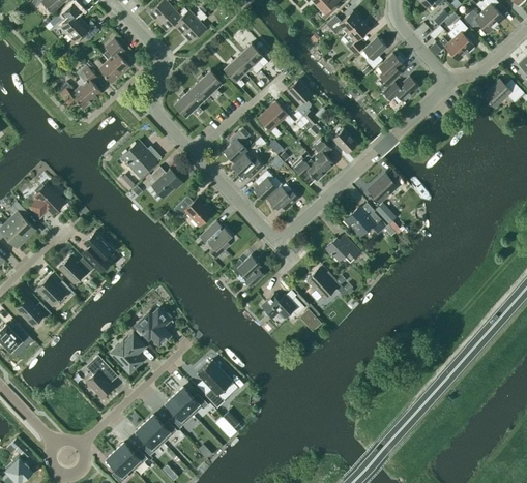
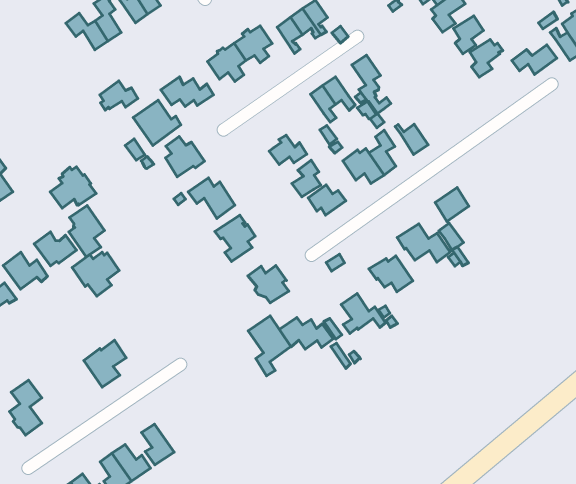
building: [383,77,418,101] -> [512,45,557,74]
building: none -> [161,77,214,107]
building: [225,127,250,164] -> none
building: none -> [100,81,138,110]
building: [28,183,64,217] -> [50,167,96,208]
building: [136,309,173,344] -> [72,252,119,296]
building: [85,355,113,398] -> [9,380,42,435]
building: [197,360,232,407] -> [248,316,291,376]
building: [174,387,208,415] -> none

